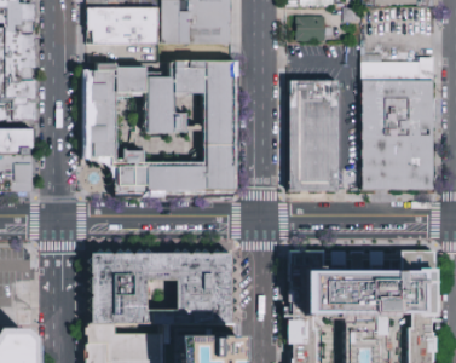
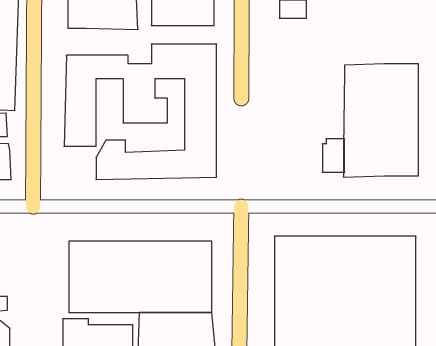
building: [362,52,434,80] -> none
building: [289,80,337,191] -> none

